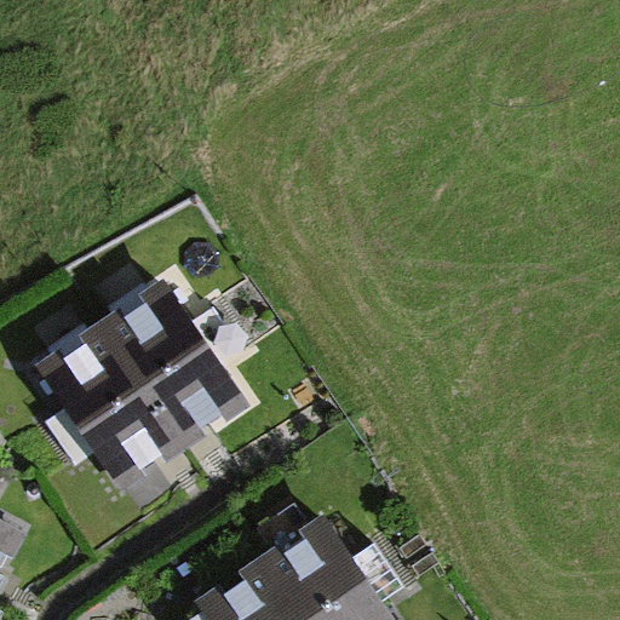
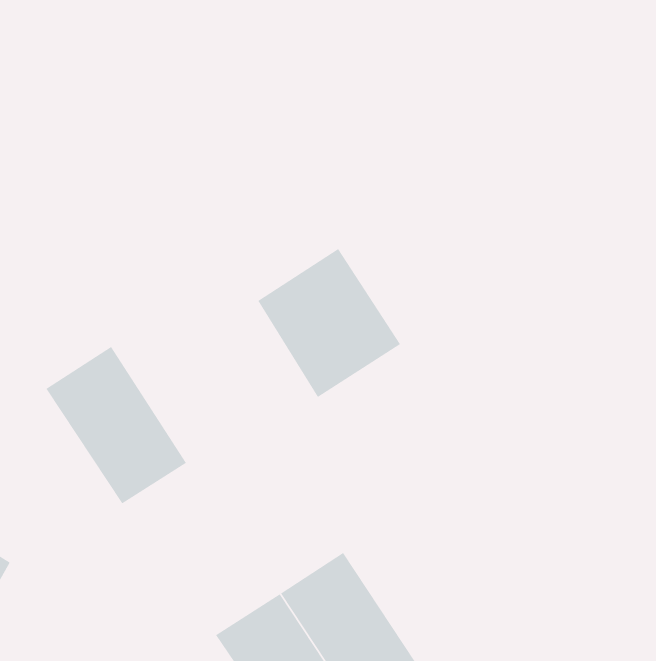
building: none -> [257,248,401,398]
building: [104,285,236,434] -> none

